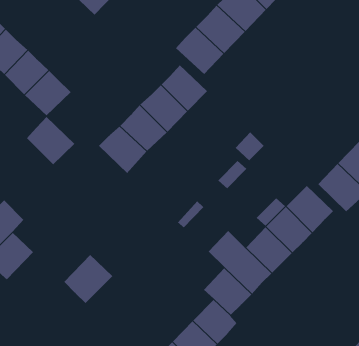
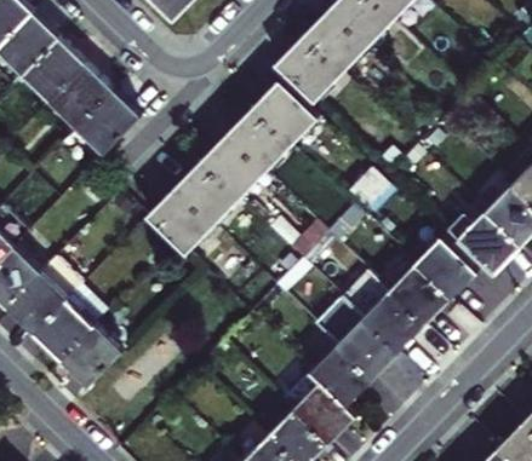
building: [26,116,75,165] -> [150,191,212,253]
building: [63,254,113,304] -> [61,325,124,388]

